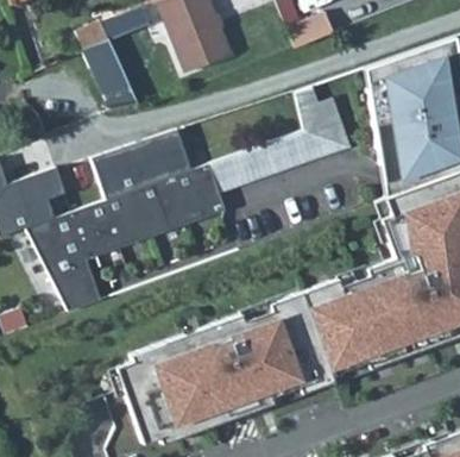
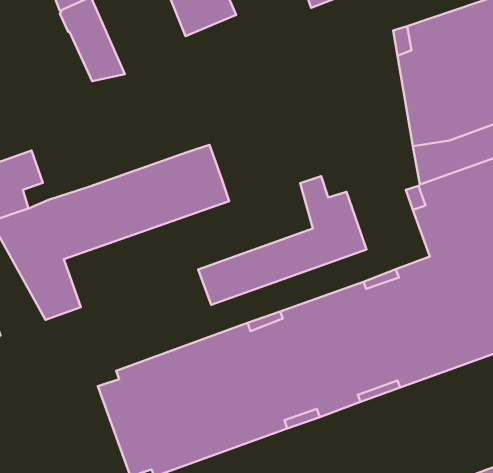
building: [208,84,349,193] -> [198,176,366,305]
building: [92,129,190,199] -> none

